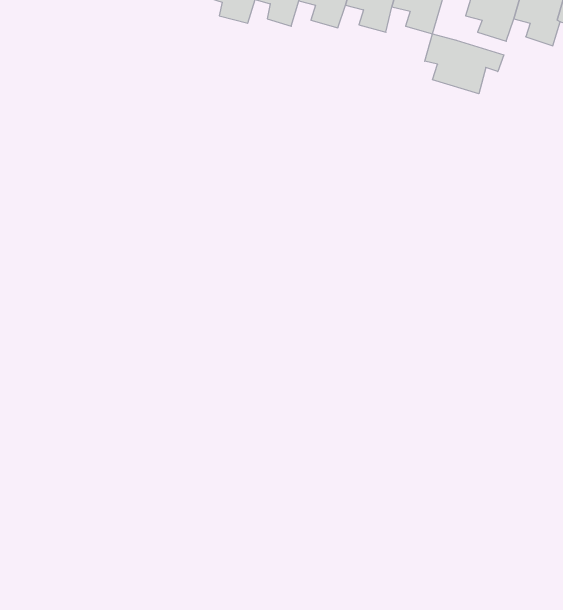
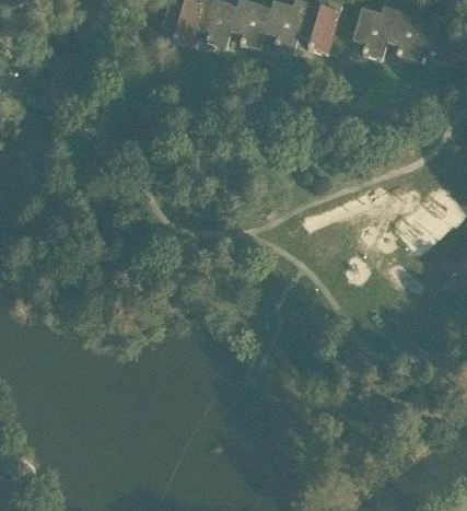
building: [425,34,504,94] -> none

